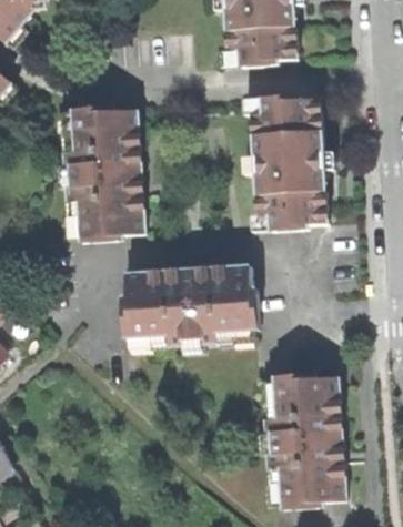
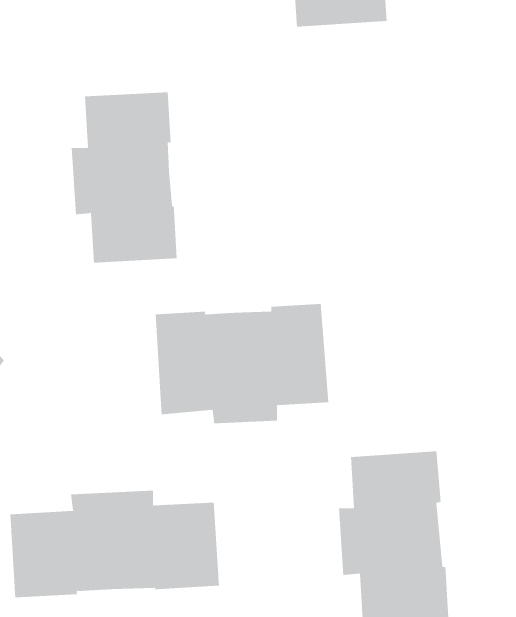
building: [253,95,329,226] -> none
building: none -> [10,490,219,598]

